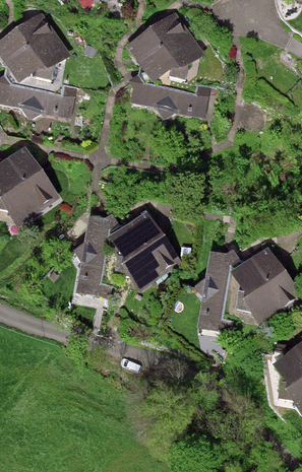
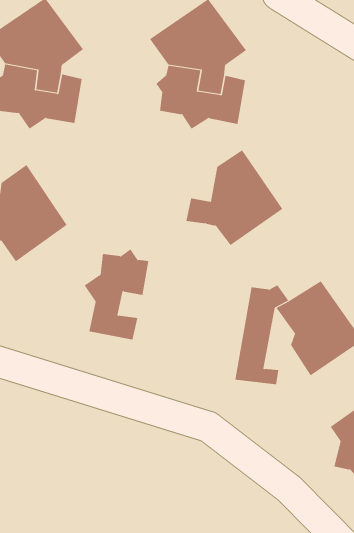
building: [100,213,180,292] -> [185,149,283,246]

